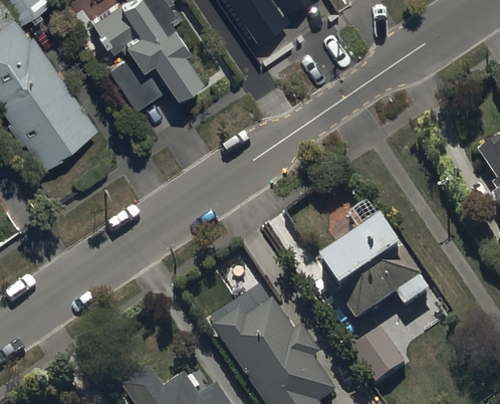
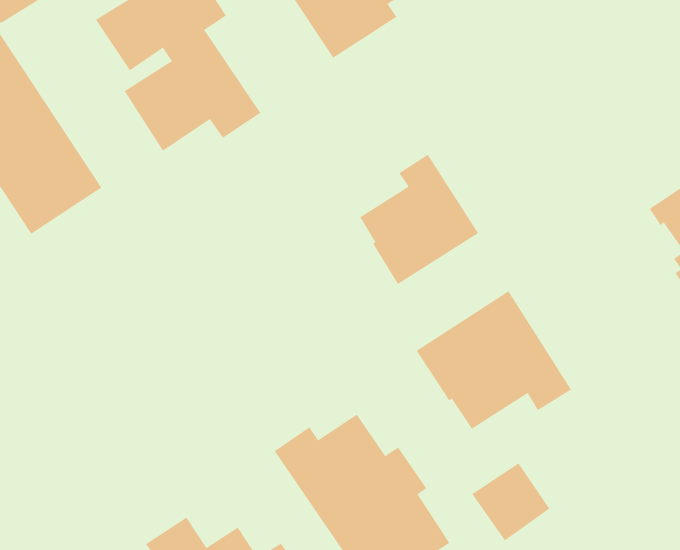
building: none -> [359,154,479,285]

